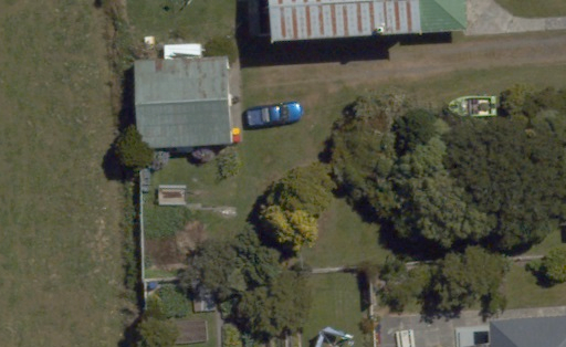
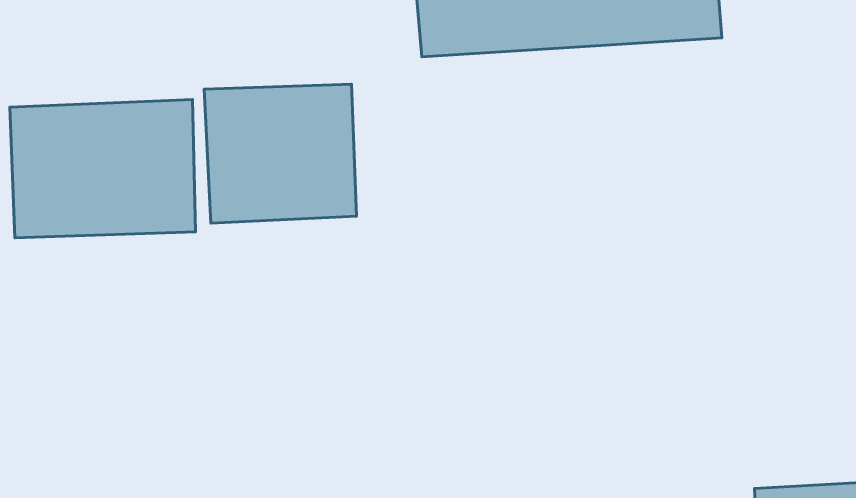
building: none -> [10,100,196,238]

